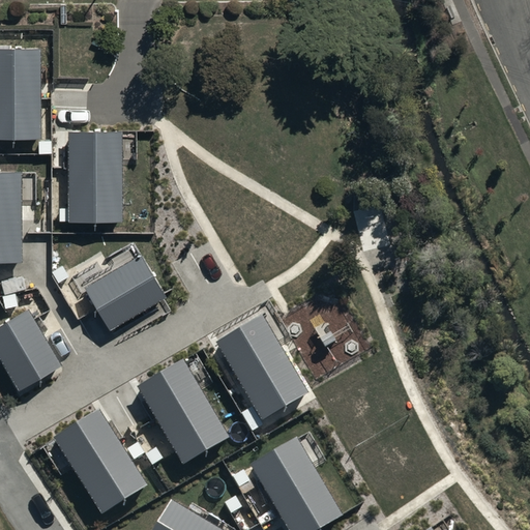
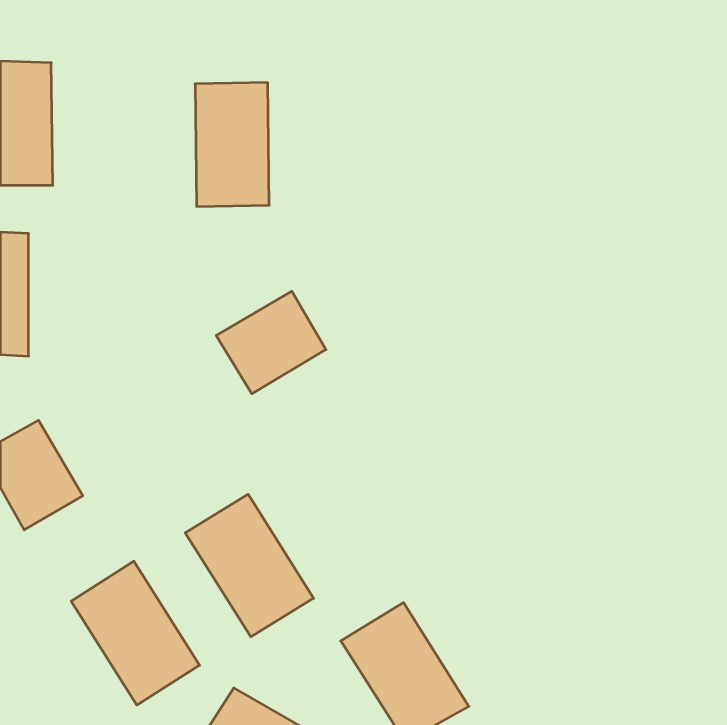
building: [67,129,121,219] -> [195,83,269,206]
building: [85,254,165,328] -> [216,291,326,394]
building: [214,317,307,421] -> none

